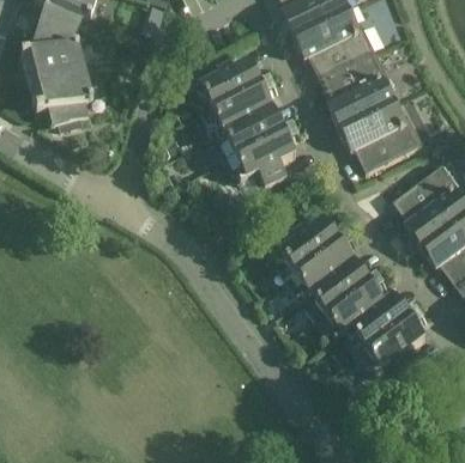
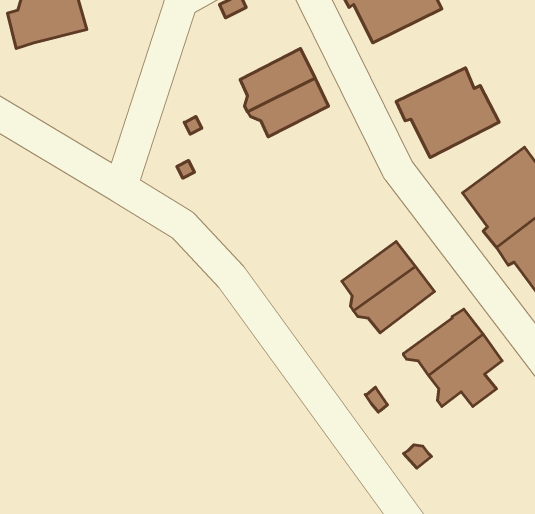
building: [319,50,394,126] -> none
building: [194,60,260,108] -> none
building: [29,67,93,122] -> none
building: [234,129,295,184] -> none
building: [273,218,338,272] -> none
building: [325,280,384,339] -> none

